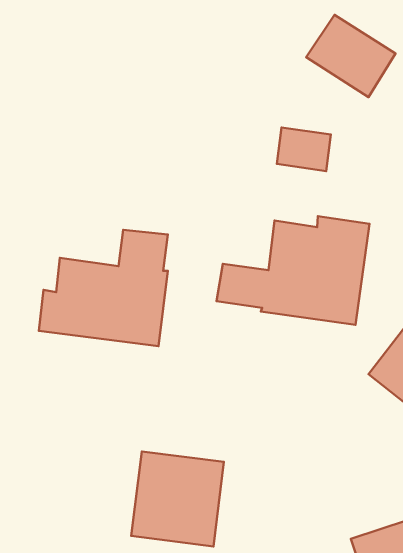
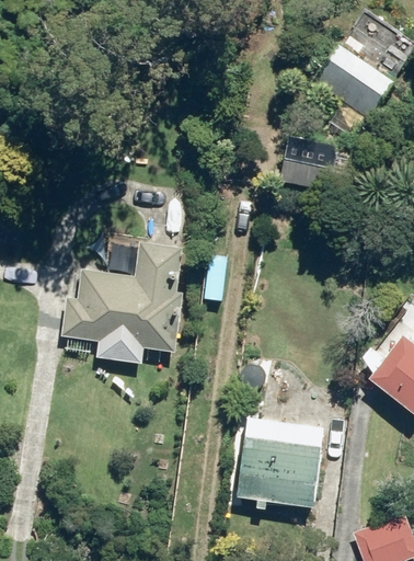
building: [216,216,370,325] -> none
building: [131,451,224,547] -> [237,419,323,507]

